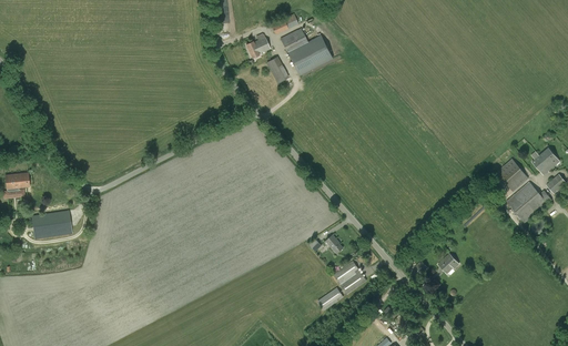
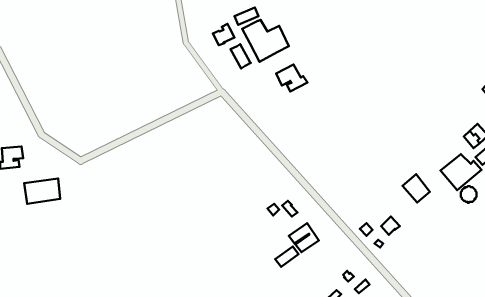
building: none -> [276,64,307,91]
building: [496,157,527,190] -> [403,174,430,203]

